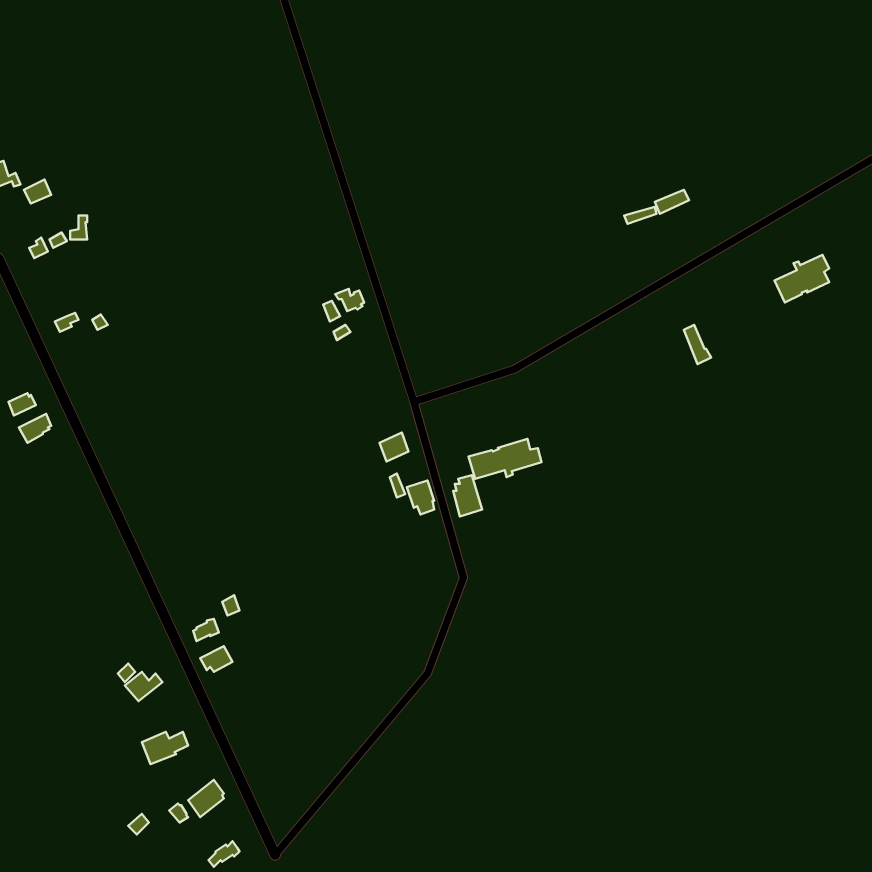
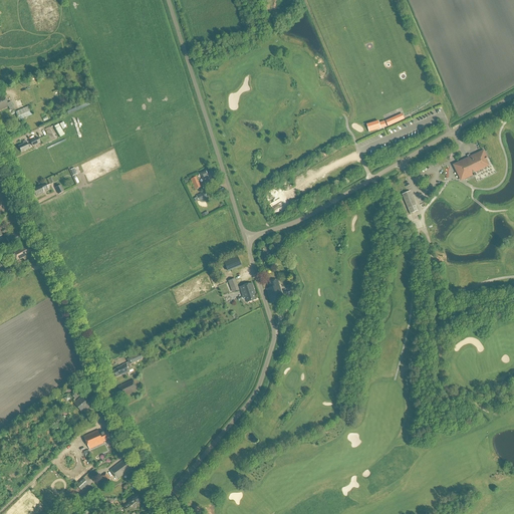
building: [468,439,541,479] -> none

